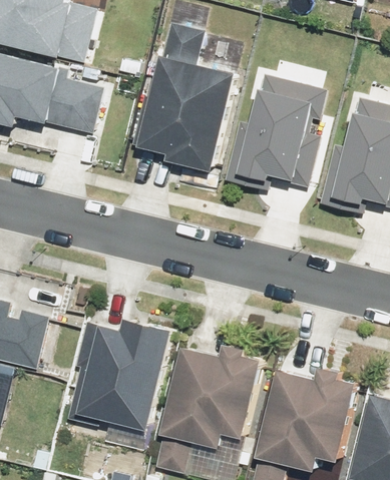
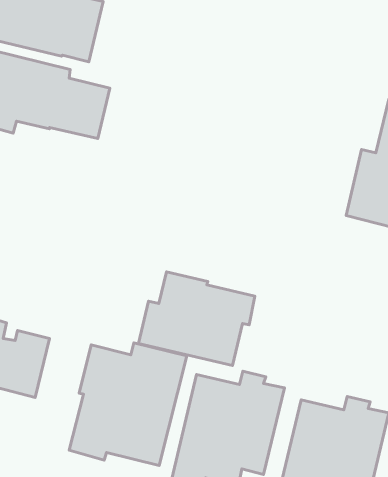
building: [130,22,236,172] -> none
building: [226,74,326,190] -> none
building: none -> [138,272,255,366]

